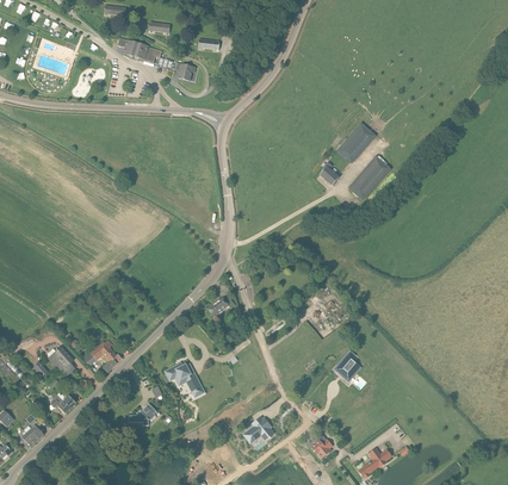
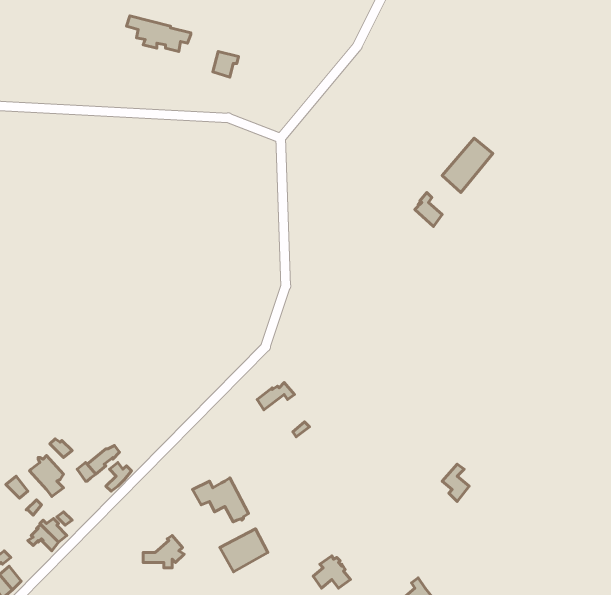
building: [349,156,390,199] -> none
building: none -> [220,529,268,572]

